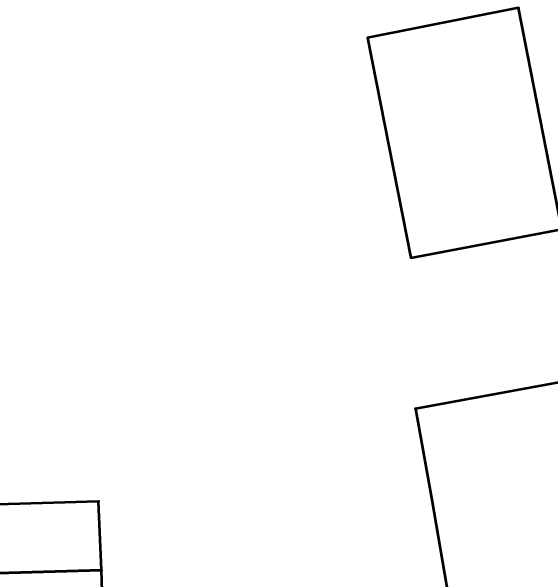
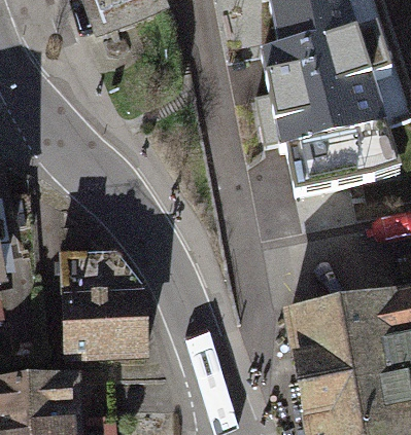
building: none -> [65,247,145,349]

